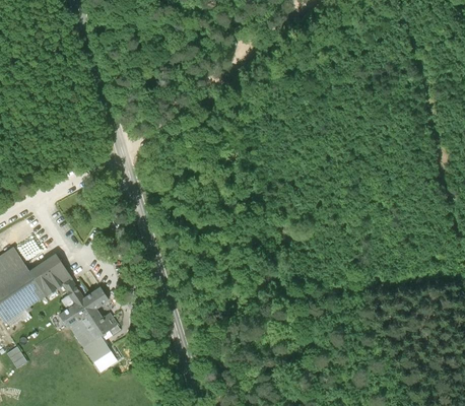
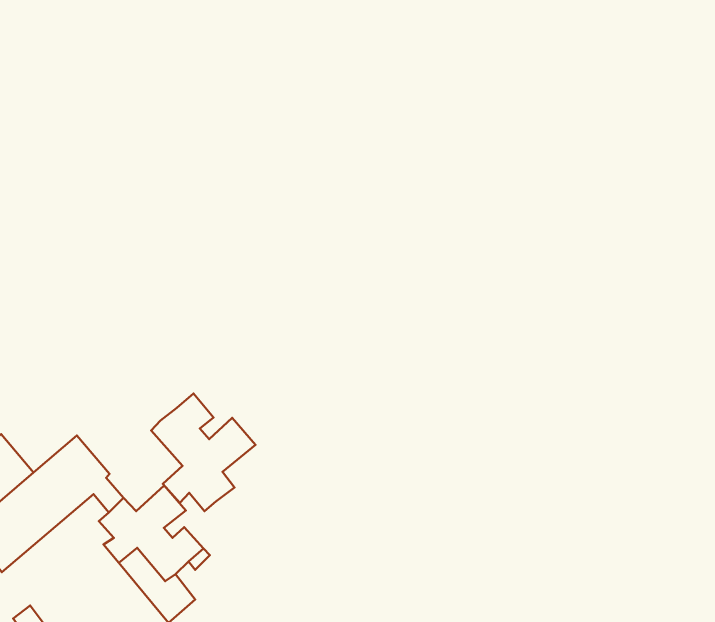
building: none -> [151,393,255,511]

